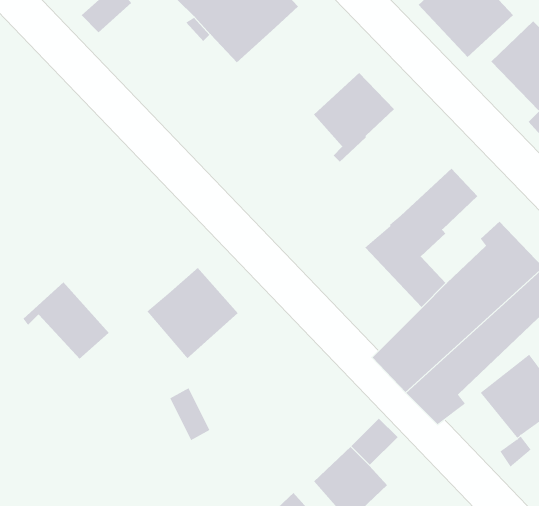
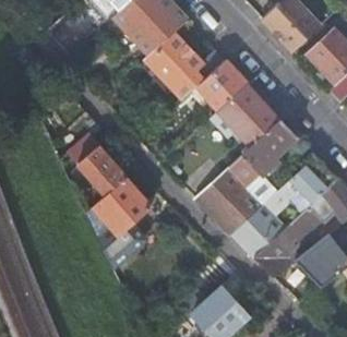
building: none -> [146,33,226,98]
building: none -> [211,83,283,155]
building: none -> [196,168,264,236]
building: [23,282,110,360] -> [73,148,127,196]

